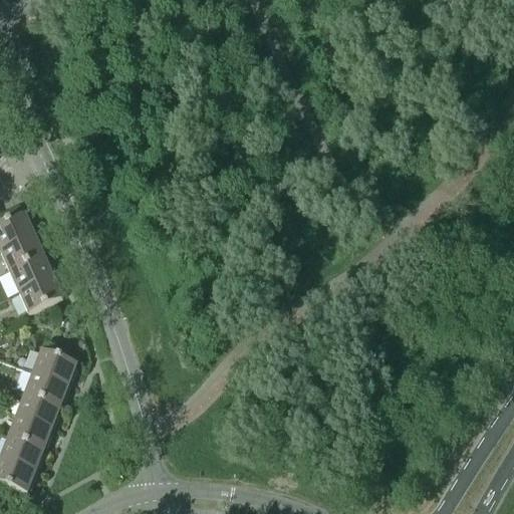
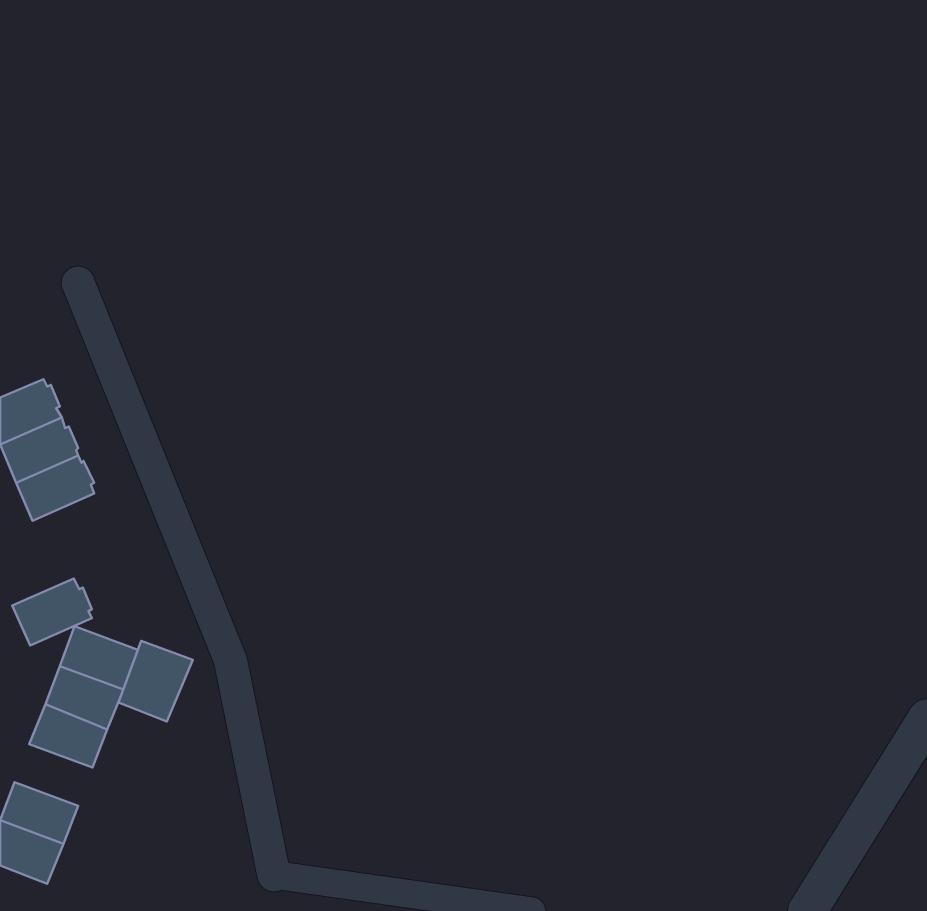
building: [18,273,62,310] -> [12,578,92,646]
building: none -> [119,641,193,722]
building: [8,412,51,446] -> none

